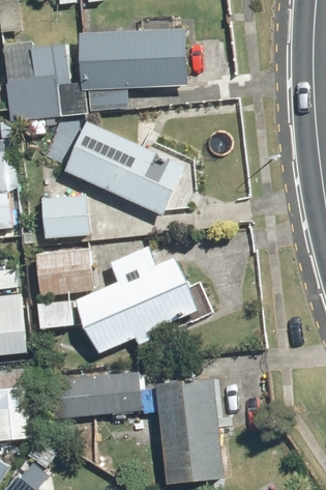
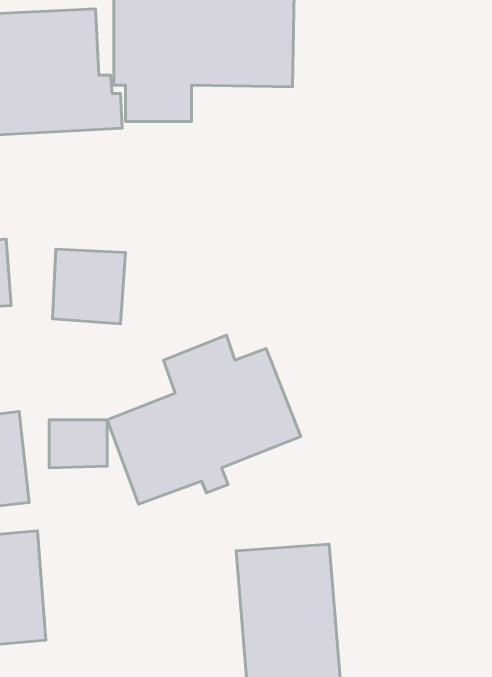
building: [62,120,185,215] -> none
building: [37,252,90,293] -> none
building: [53,373,140,415] -> none

